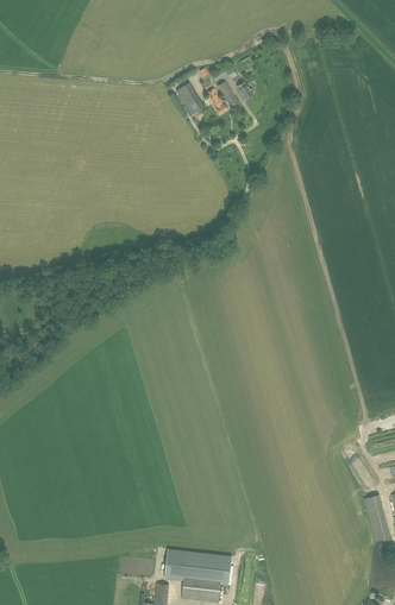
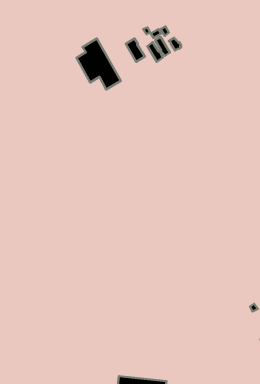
building: none -> [77,39,121,89]

